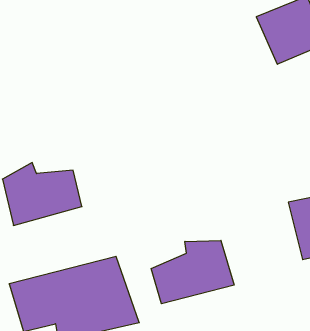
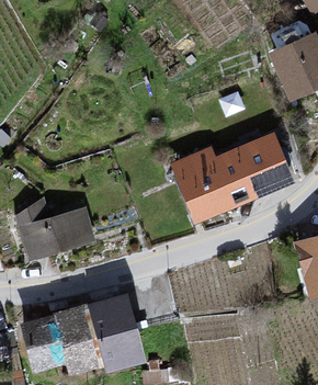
building: none -> [180,138,291,218]
building: [151,240,234,304] -> none

